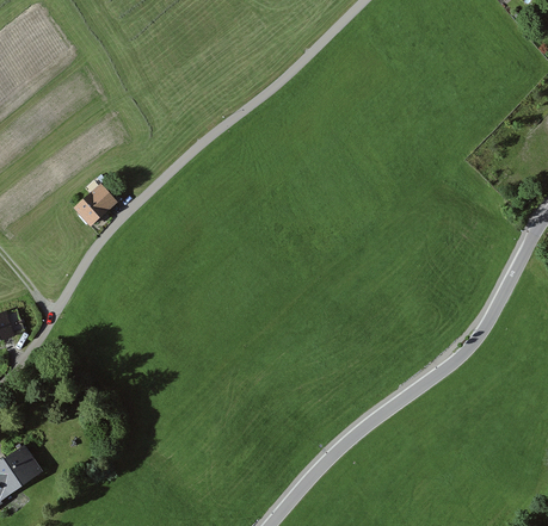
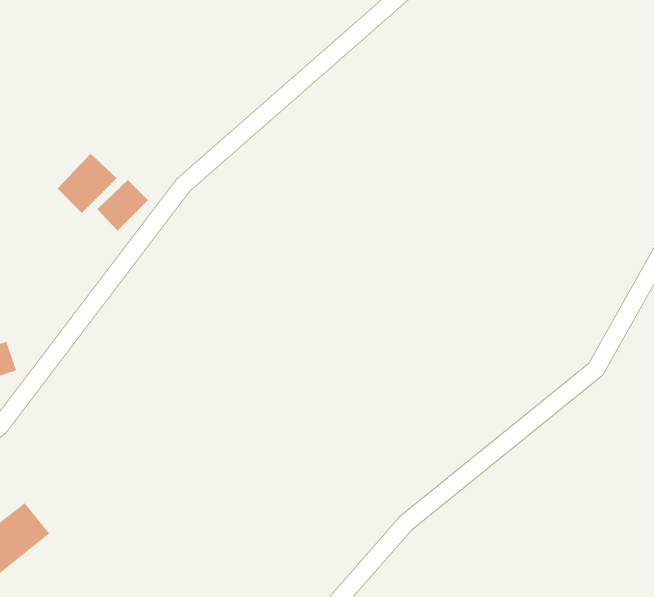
building: none -> [57,153,117,214]

